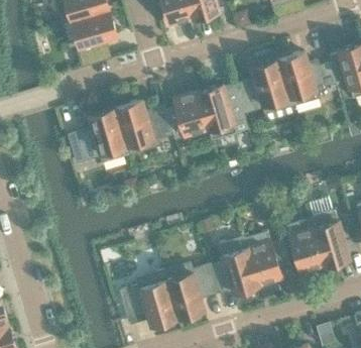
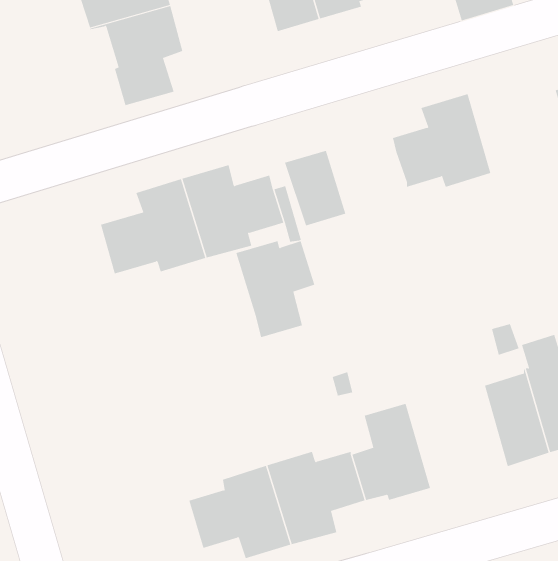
building: [278,51,325,105] -> none
building: [198,85,243,140] -> [236,241,315,338]
building: [243,231,281,284] -> none

